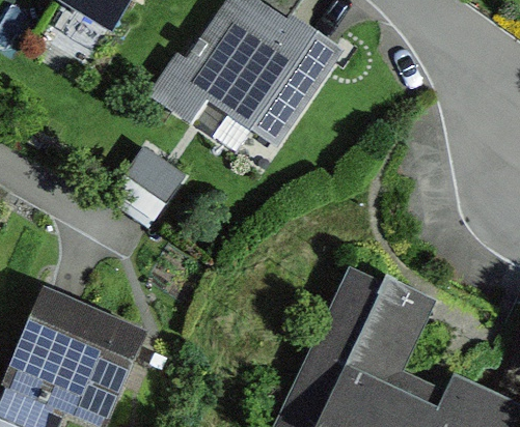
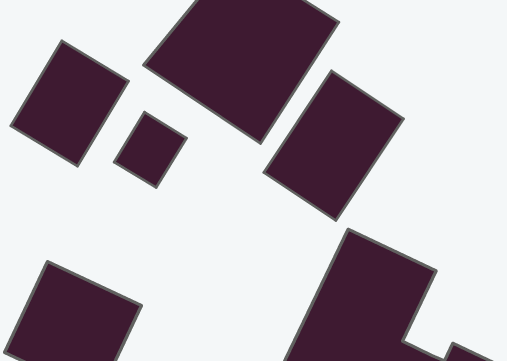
building: none -> [11,41,128,166]
building: none -> [264,71,403,220]

